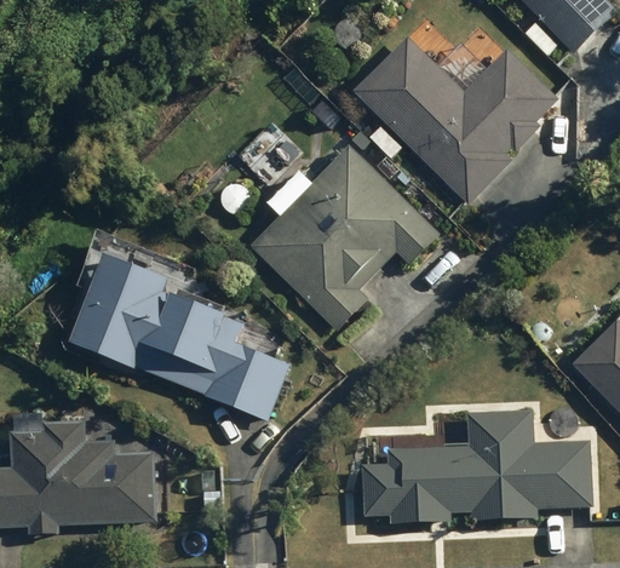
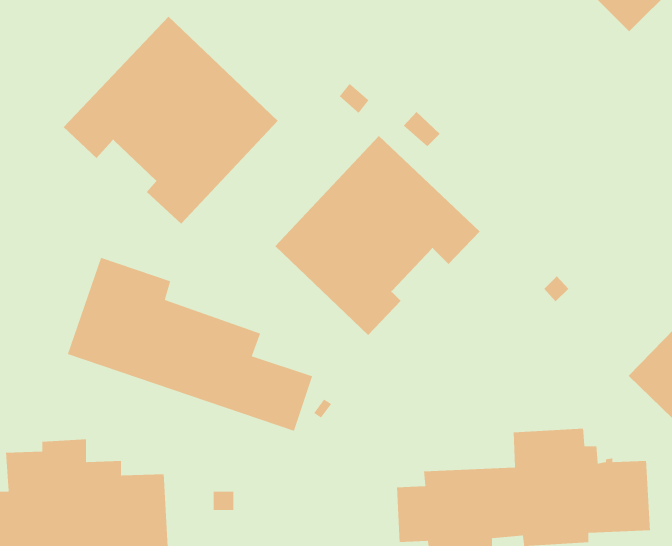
building: [351,35,558,202] -> none
building: none -> [63,16,279,225]

